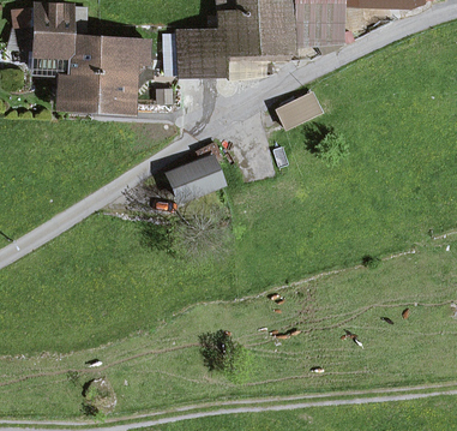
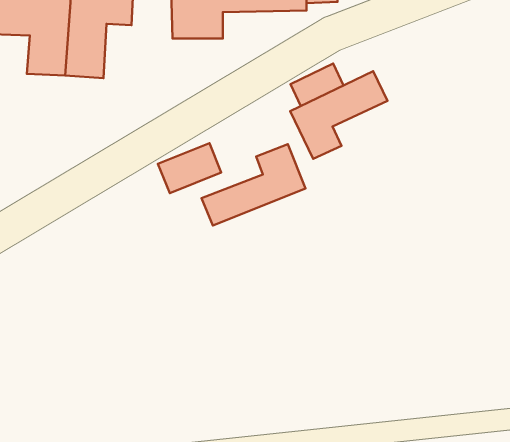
building: none -> [290,71,388,159]
building: none -> [202,144,305,225]

